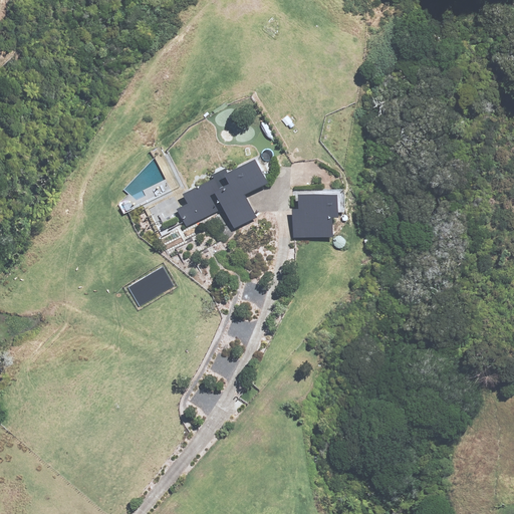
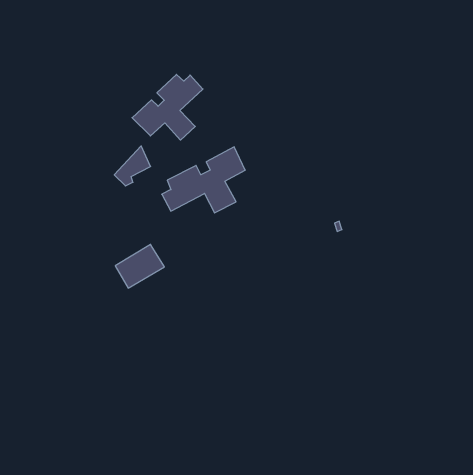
building: none -> [132,74,203,140]
building: [293,192,339,236] -> none

